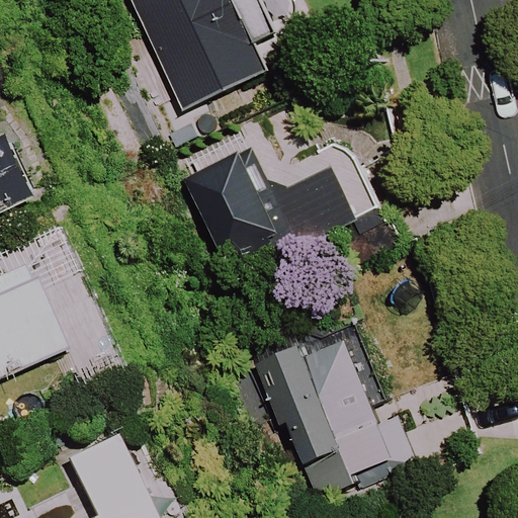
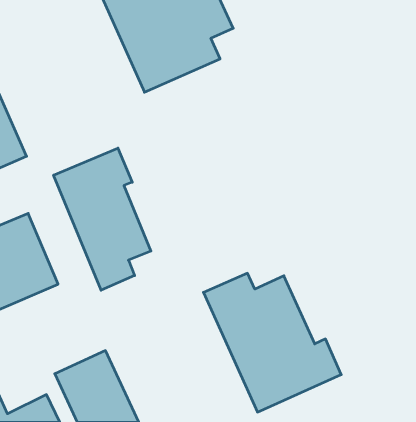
building: [186,152,352,270] -> none
building: none -> [54,148,151,290]

